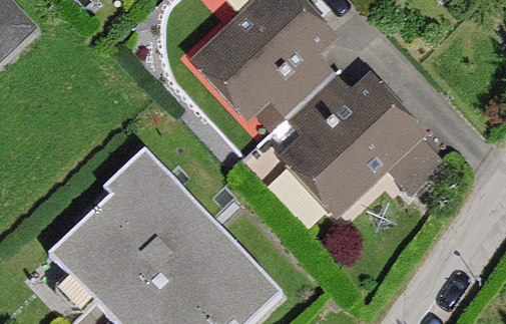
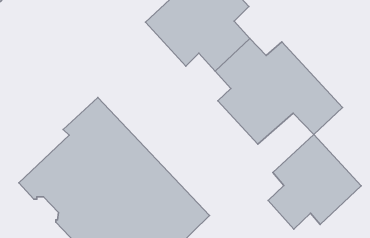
building: none -> [268,134,361,229]

